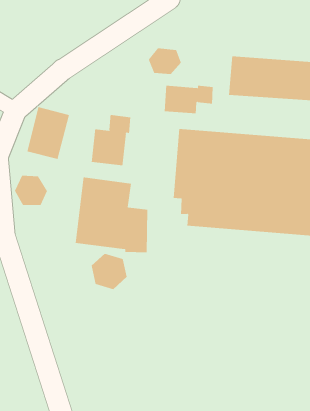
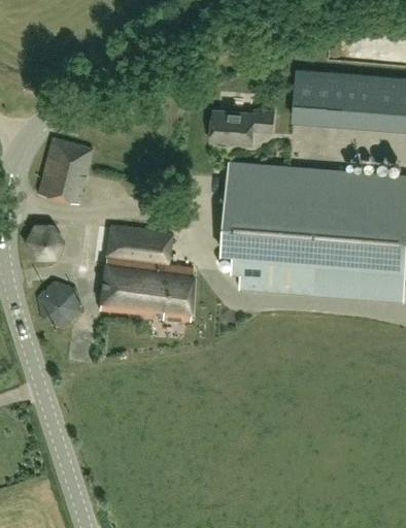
building: [148,47,181,75] -> none
building: [91,114,131,166] -> none
building: [91,253,127,290] -> [34,282,80,328]

